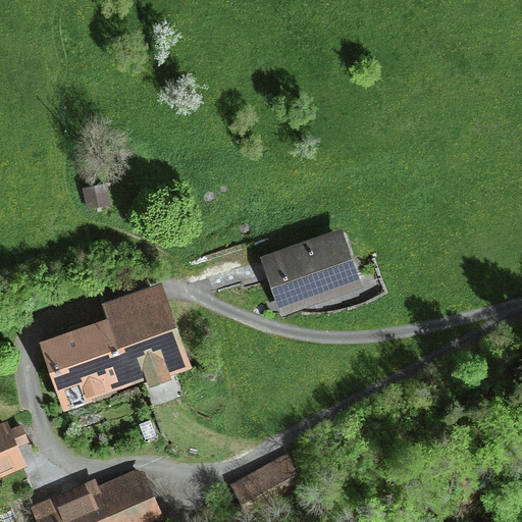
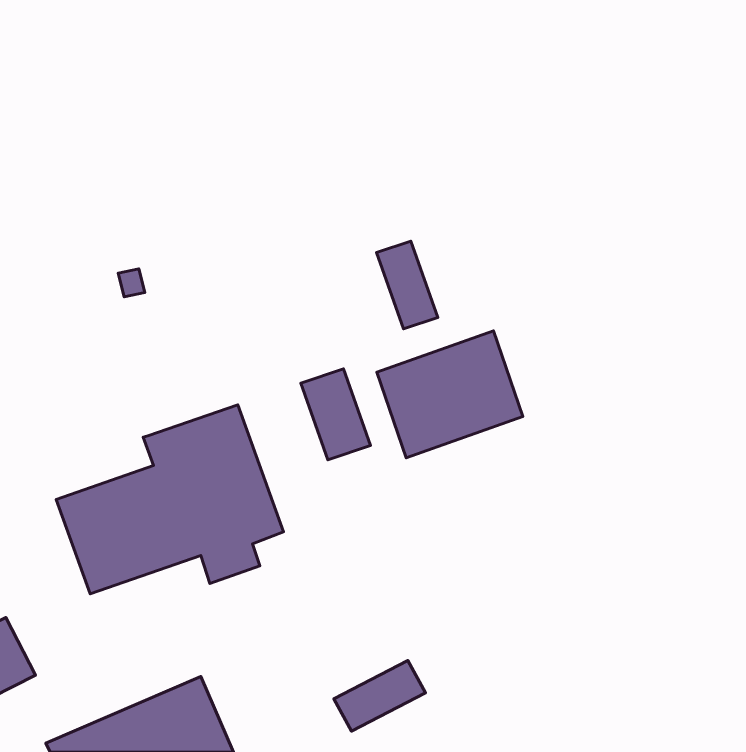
building: none -> [377,241,438,329]
building: none -> [301,369,371,460]

